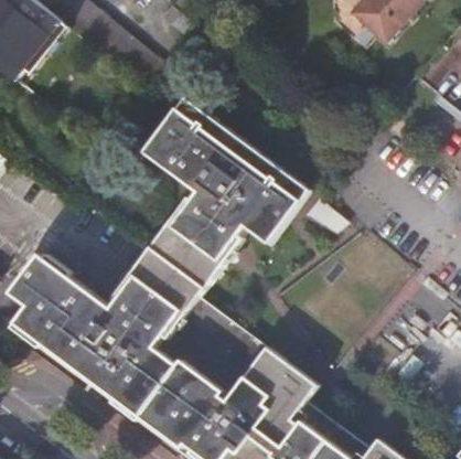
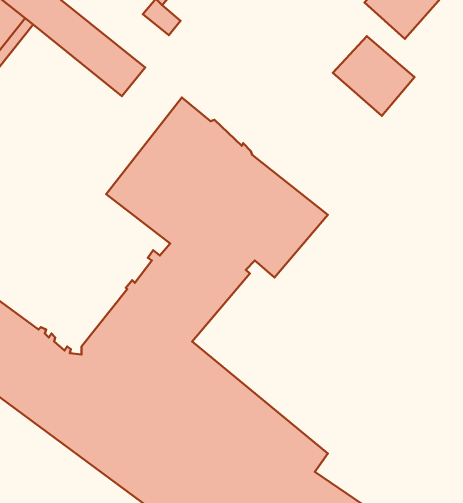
building: none -> [333,36,415,116]

